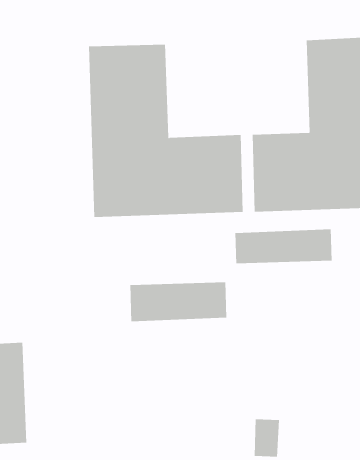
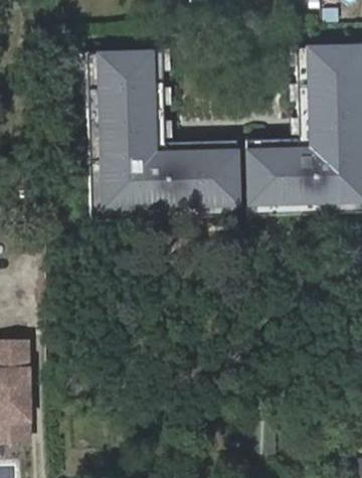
building: [235,229,332,264] -> none
building: [130,282,227,322] -> none

